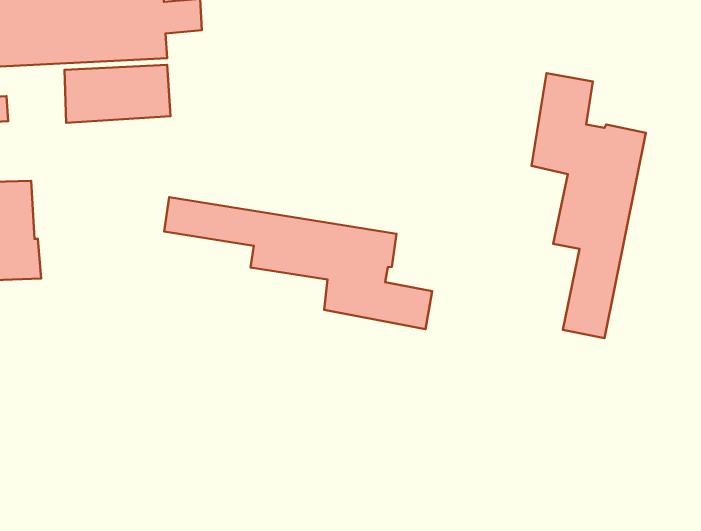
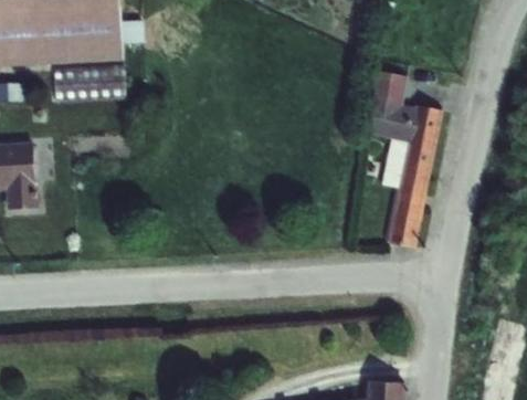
building: [164,197,432,329] -> none

